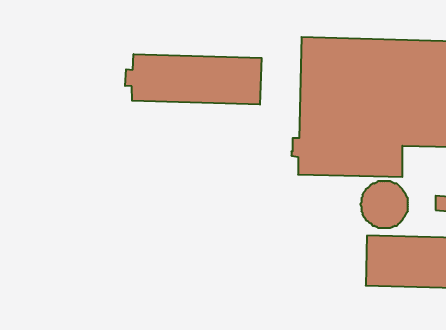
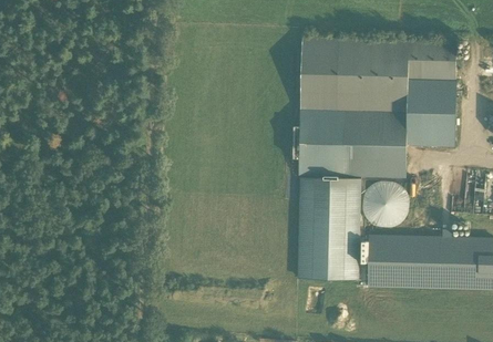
building: [125,54,262,105] -> none
building: none -> [297,175,360,278]

